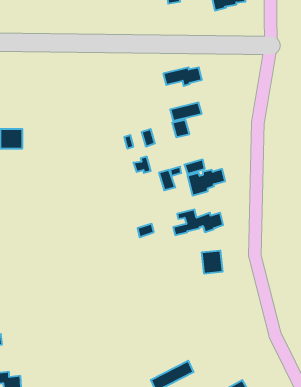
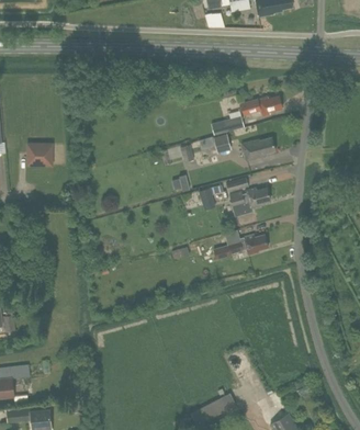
building: [163,67,202,86] -> [240,95,282,115]
building: none -> [241,137,275,160]
building: [202,250,223,274] -> none

